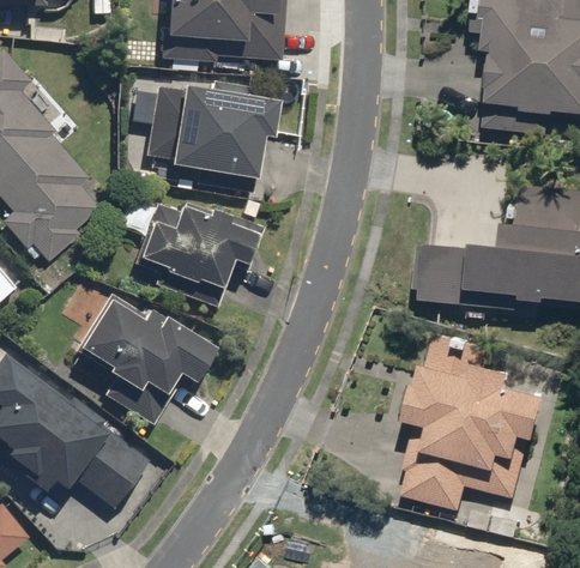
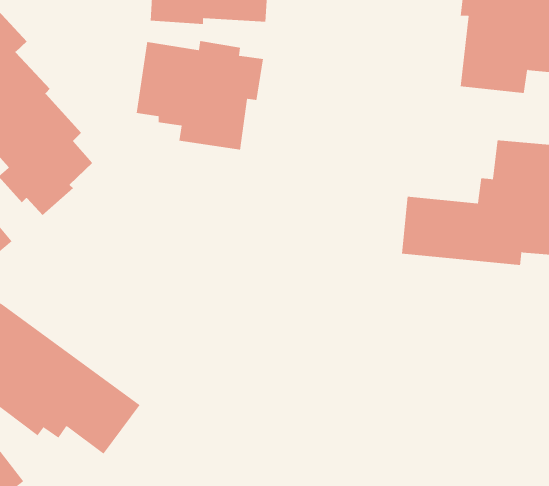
building: [133,198,264,307] -> none
building: [73,291,213,424] -> none
building: [397,333,545,508] -> none

